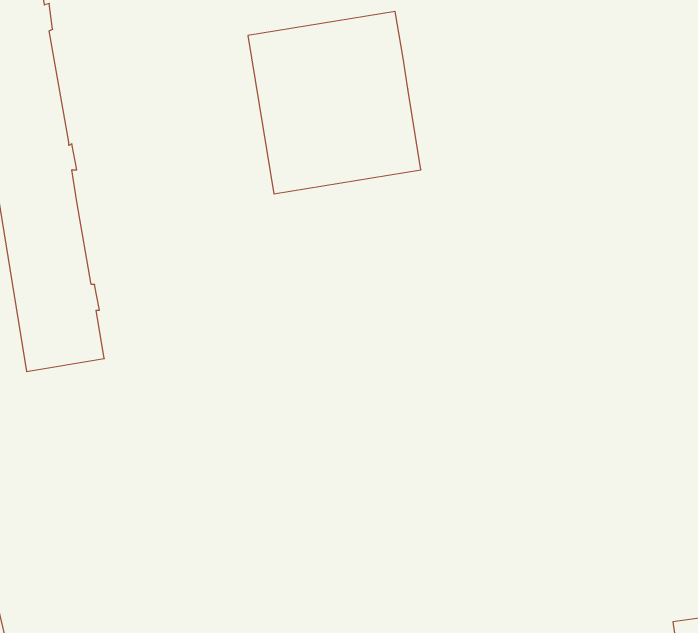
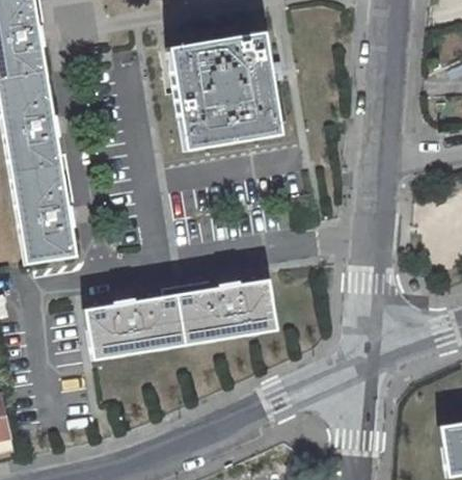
building: none -> [85,279,276,358]

